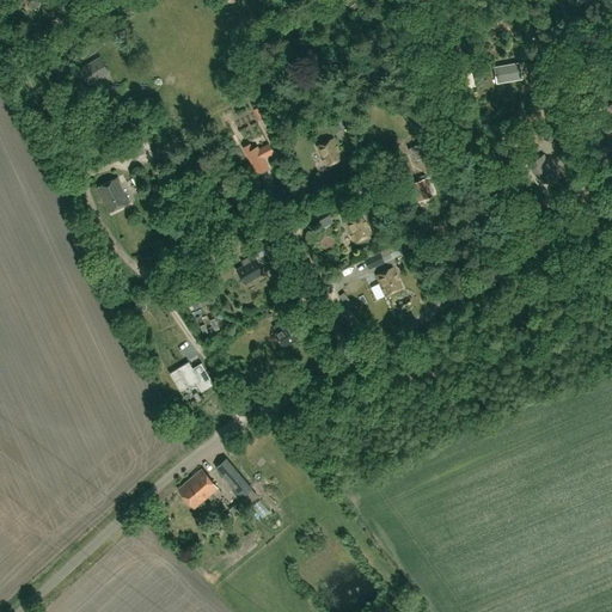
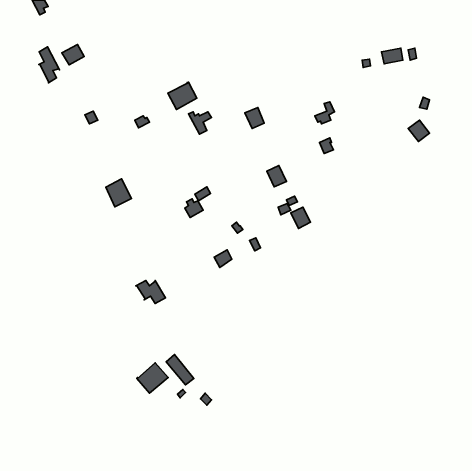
building: none -> [39,47,60,83]
building: none -> [168,82,197,110]
building: [97,178,130,214] -> [106,179,132,207]

